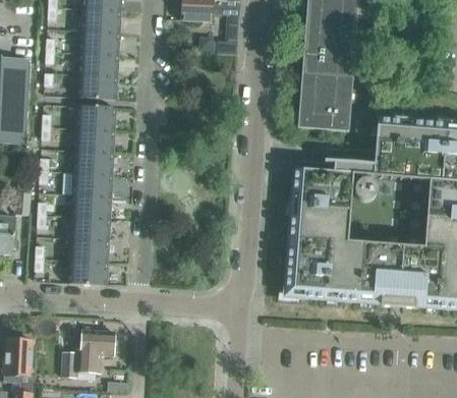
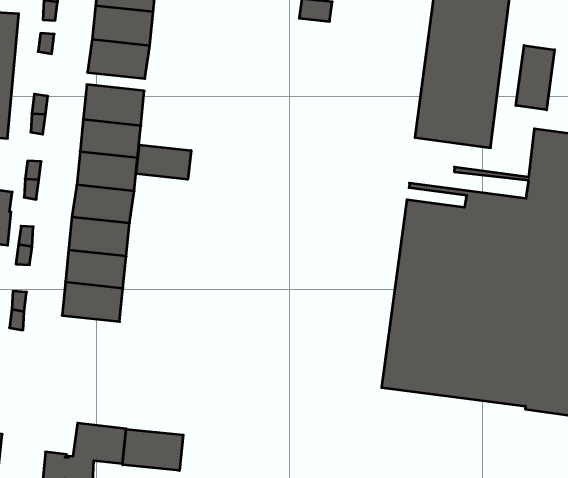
building: none -> [516,45,555,110]
building: none -> [136,145,191,179]
building: [68,259,108,283] -> none
building: none -> [123,429,183,471]

